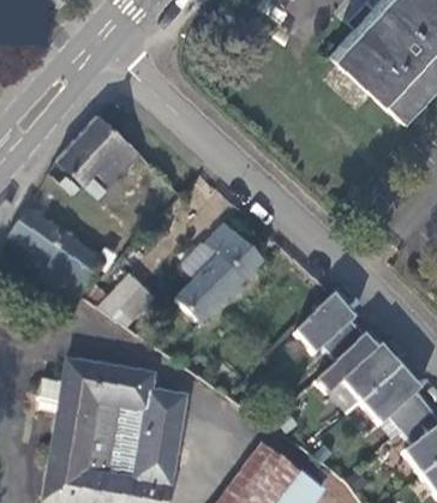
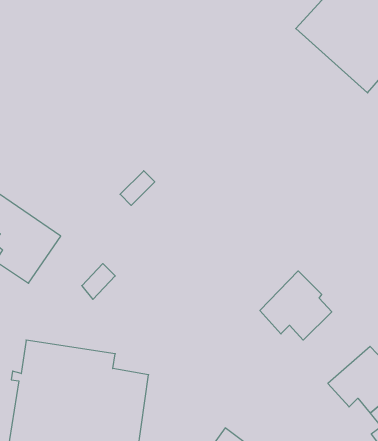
building: [58,114,151,192] -> none
building: [175,223,262,323] -> none
building: [336,331,401,401] -> none

